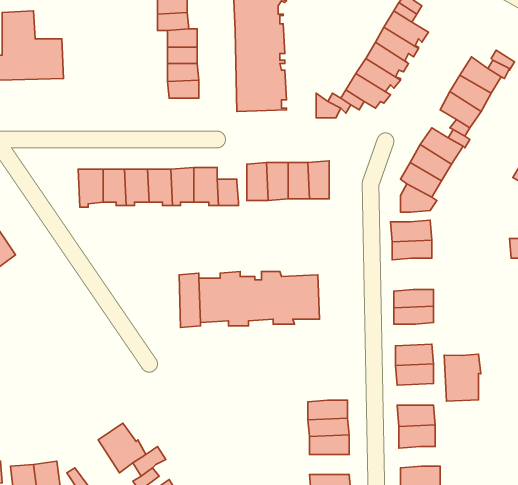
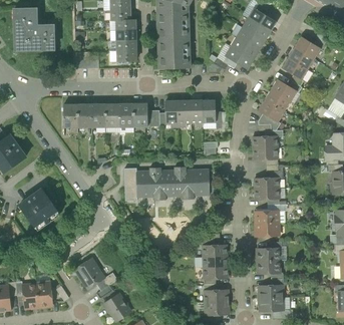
building: none -> [20,189,58,228]
building: [444,354,481,401] -> none

